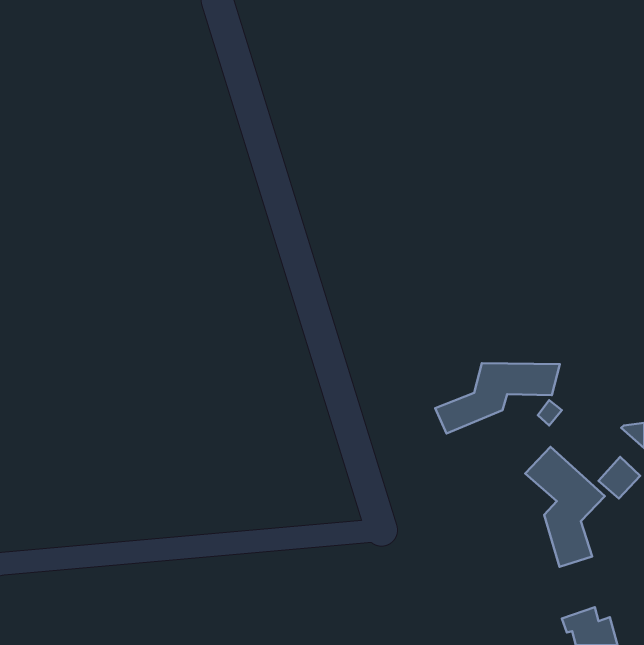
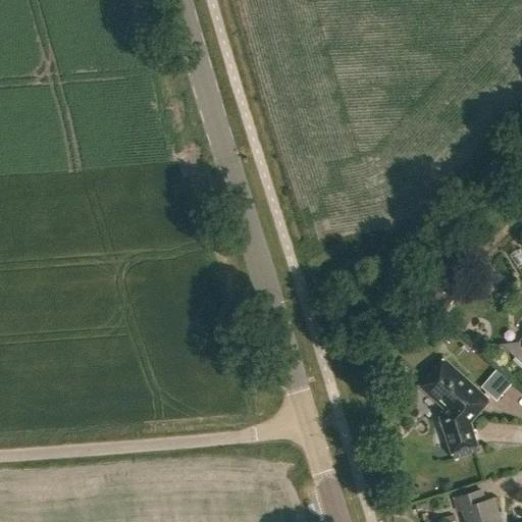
building: [435,363,560,434] -> none

